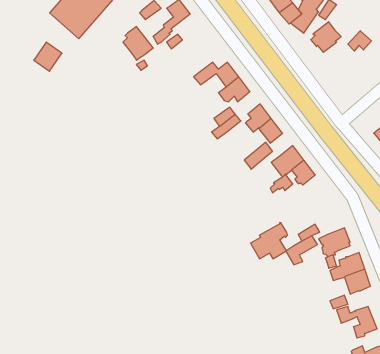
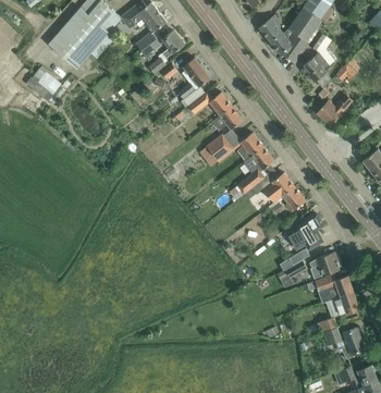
building: [123,27,153,60] -> [182,58,211,90]
building: none -> [317,95,352,126]
building: [250,223,288,259] -> [287,213,323,248]

